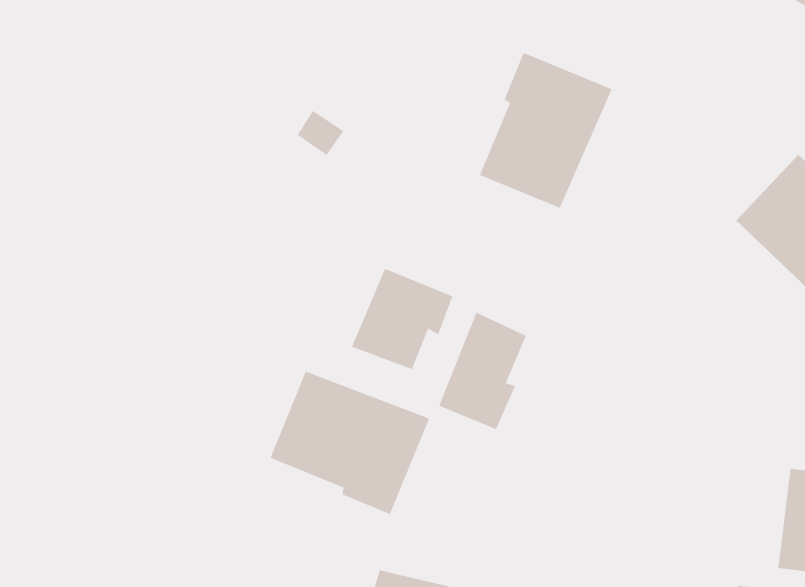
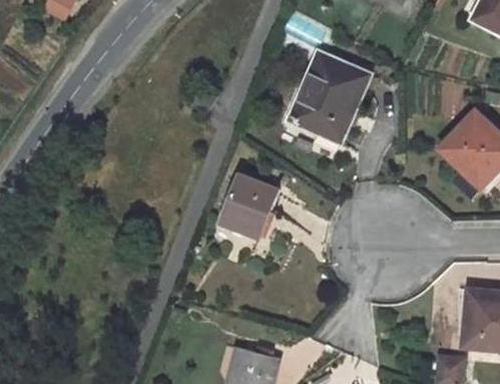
building: [438,312,526,430] -> none
building: [270,371,430,515] -> none

